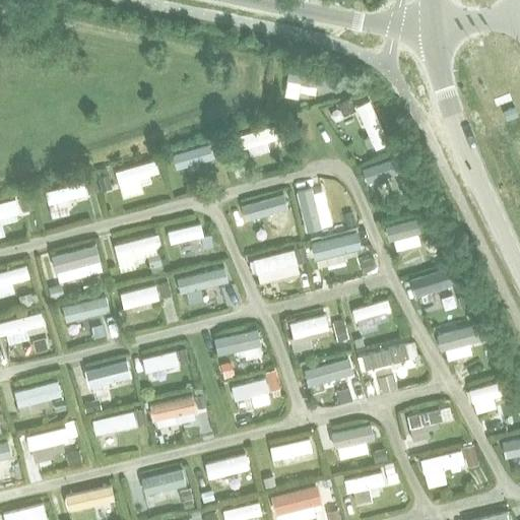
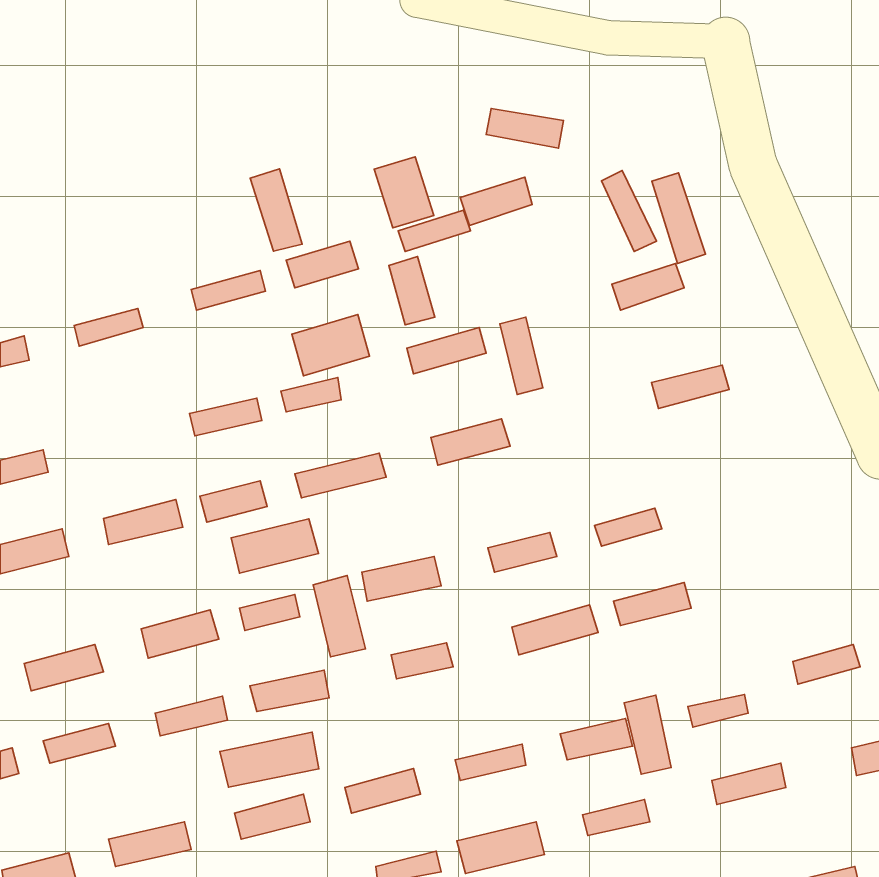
building: none -> [374,157,434,228]
building: none -> [250,169,302,251]
building: none -> [652,173,706,263]
building: none -> [460,177,532,226]
building: none -> [389,257,435,325]
building: none -> [292,314,369,376]
building: [310,233,361,261] -> none
building: [51,246,99,274] -> none
building: [410,268,460,299] -> none
building: none -> [231,519,318,573]
building: [438,325,483,352] -> none
building: none -> [313,576,366,657]
building: none -> [624,695,671,774]
building: none -> [220,732,319,787]

